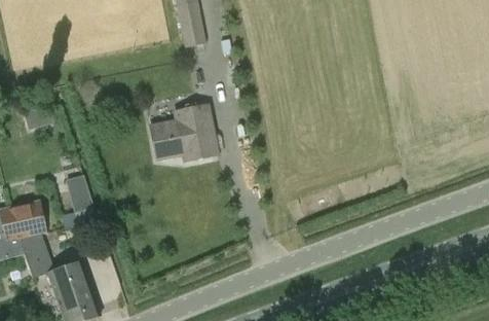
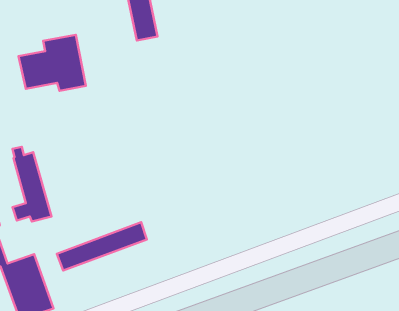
building: [149,104,217,160] -> [19,35,86,91]
building: none -> [57,222,147,271]

